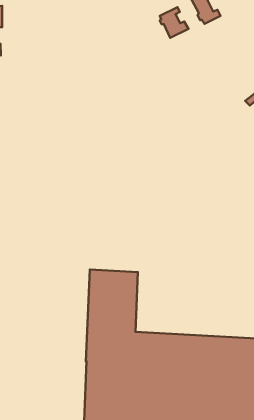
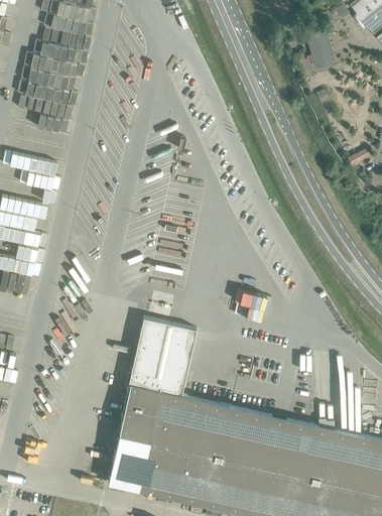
building: [160,7,188,38] -> none

